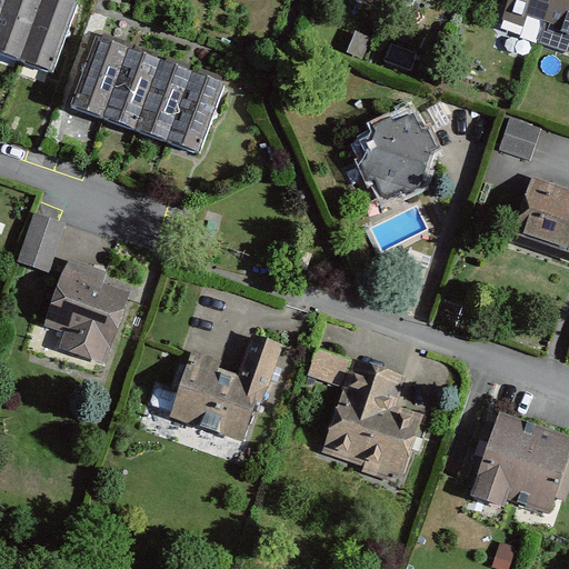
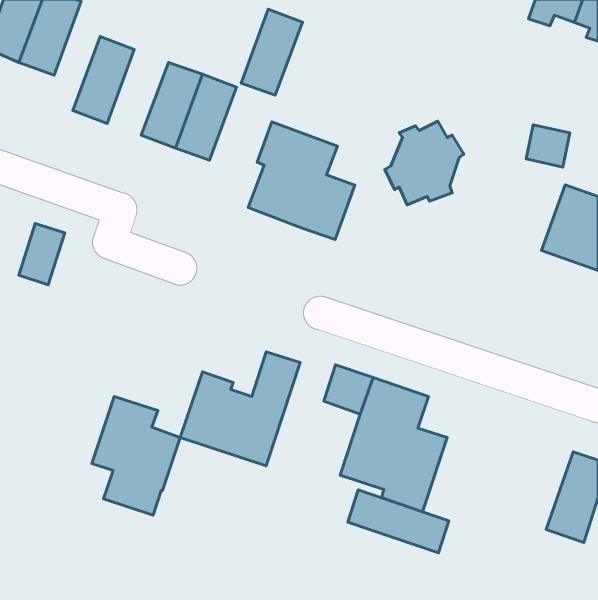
building: [101,47,159,128] -> [241,9,302,95]
building: none -> [248,122,355,239]
building: [44,258,128,370] -> [92,396,180,515]
building: [475,413,541,505] -> none
building: none -> [348,490,449,553]

